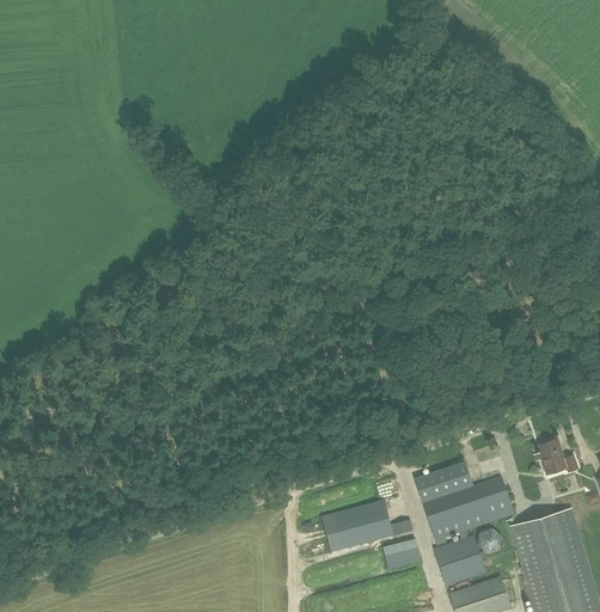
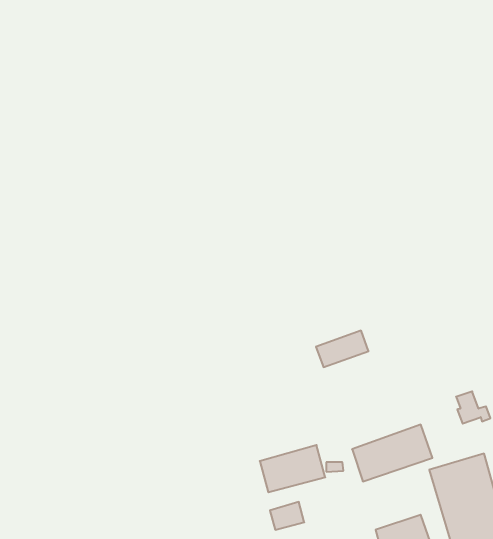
building: [415,460,473,501] -> [316,331,369,367]
building: [435,534,486,585] -> none
building: [384,538,422,569] -> [270,502,304,530]

